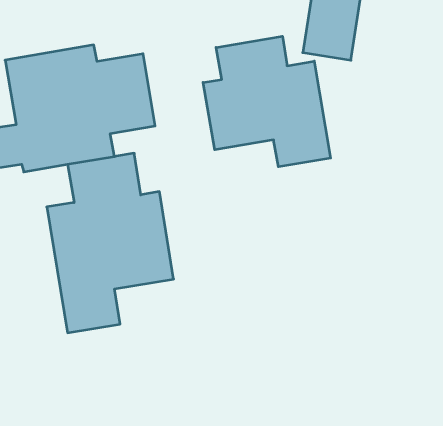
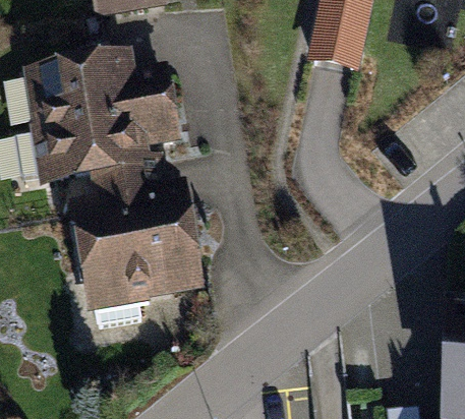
building: [203,36,331,167] -> none

